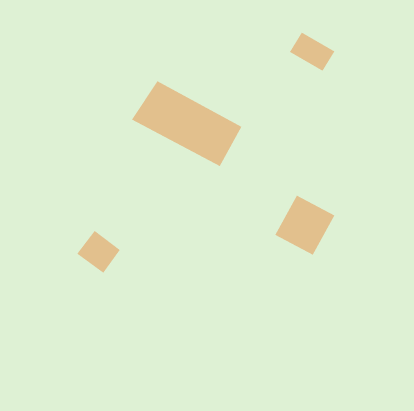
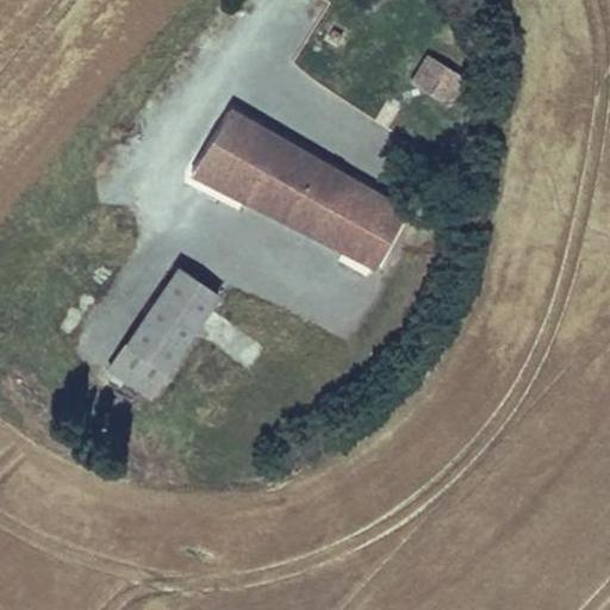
building: none -> [136,270,219,360]
building: [274,194,335,256] -> [317,182,405,270]

